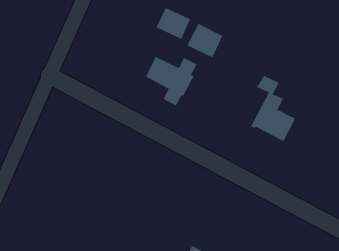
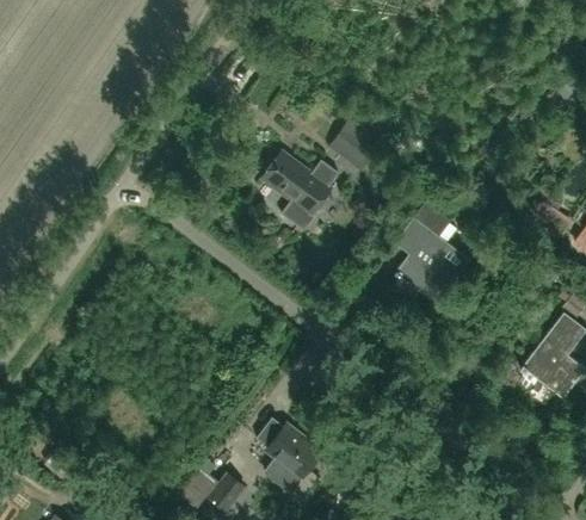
building: [156,7,191,40] -> none

